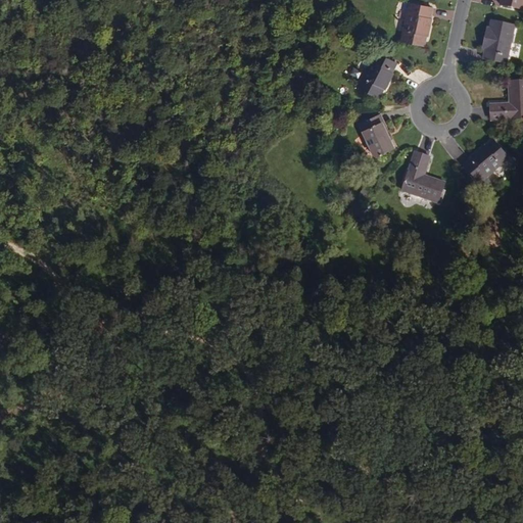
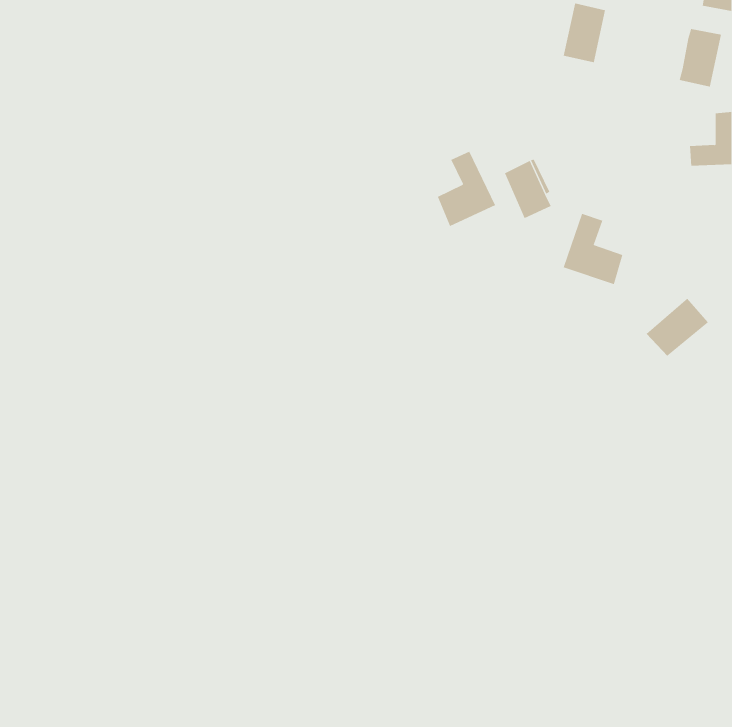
building: [356,51,395,96] -> none
building: none -> [437,151,496,227]
building: [465,140,510,182] -> [646,298,709,357]

